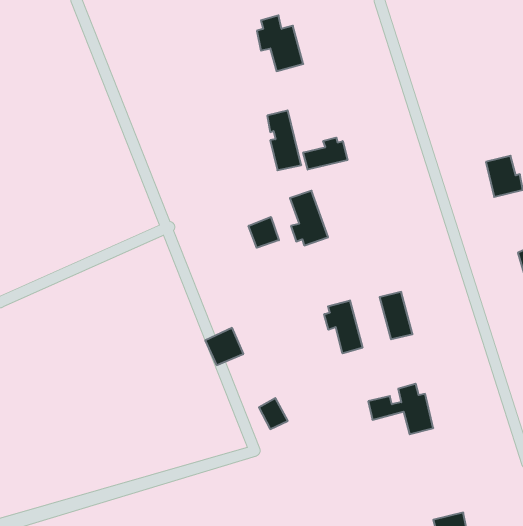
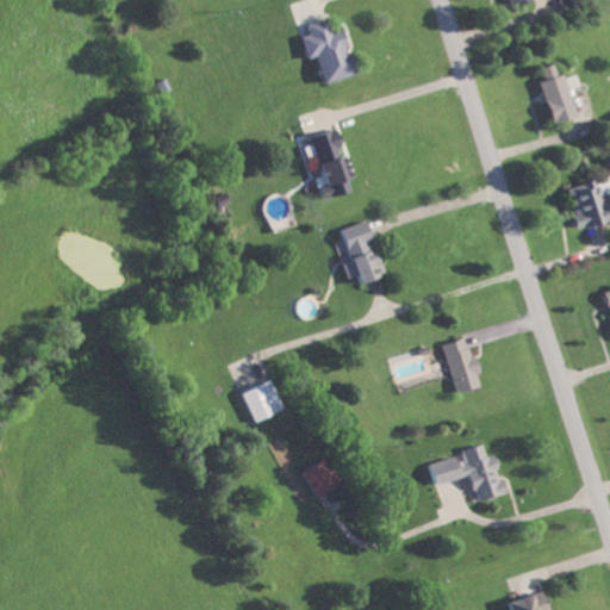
building: none -> [539,64,573,124]
building: [303,138,347,170] -> none
building: [249,217,279,248] -> none
building: [324,300,362,353] -> none

